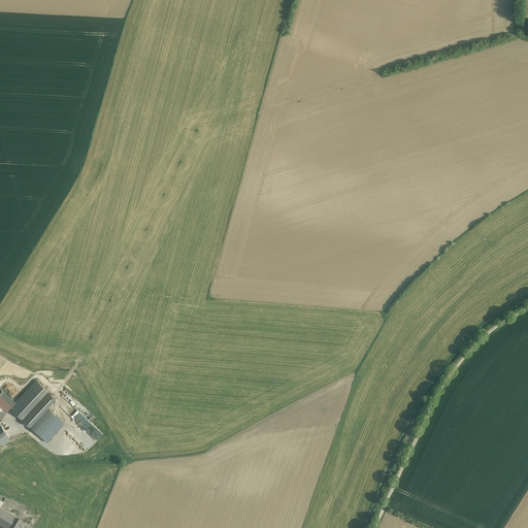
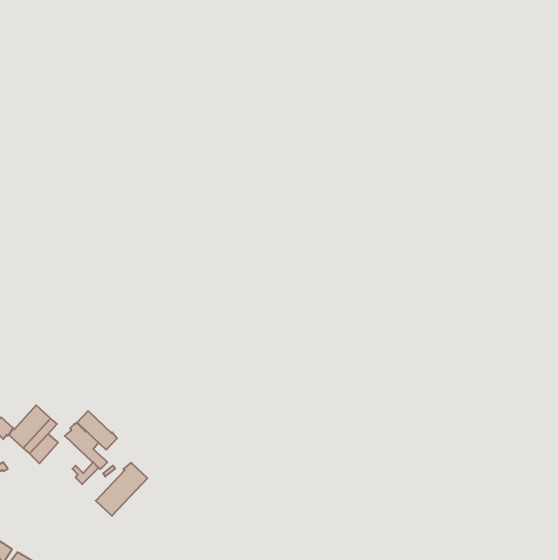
building: none -> [77,411,117,450]
building: none -> [96,463,147,516]

